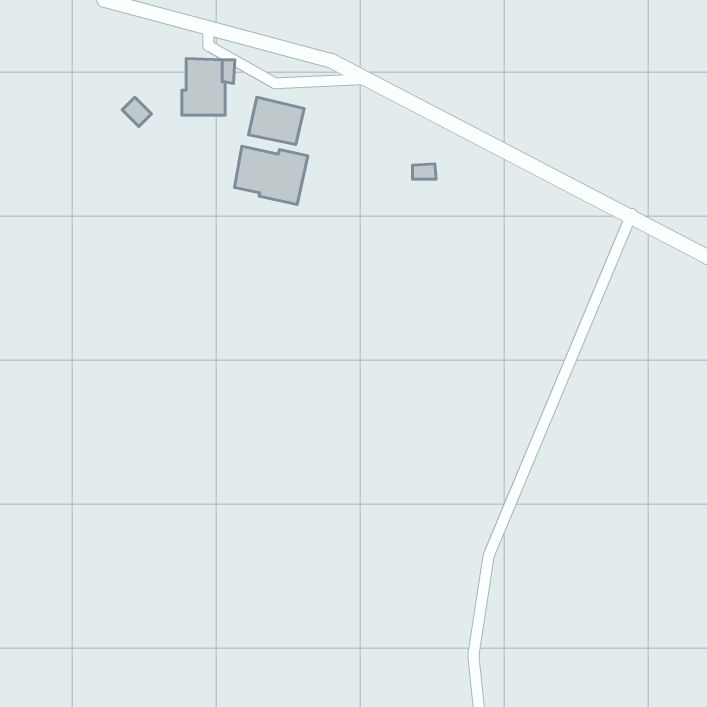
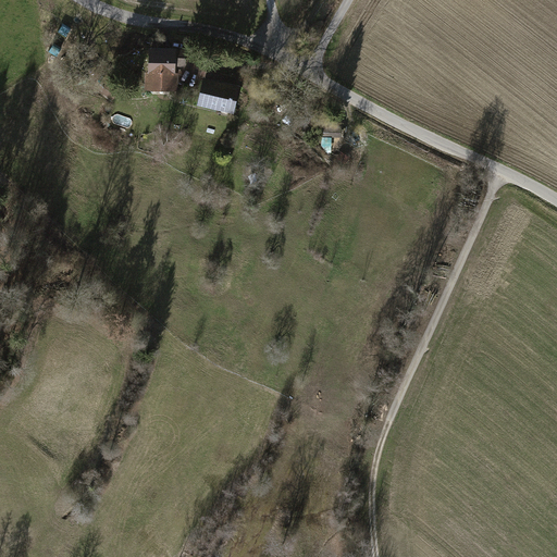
building: [234,146,308,205] -> none

